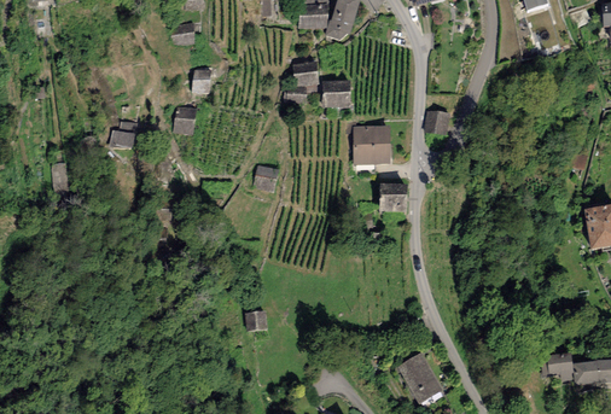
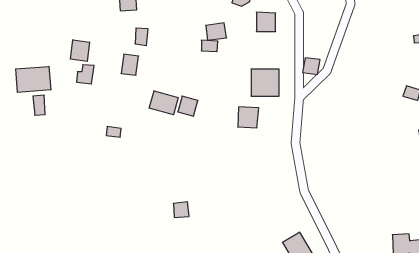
building: [322,80,349,106] -> [256,12,276,31]
building: none -> [71,40,89,61]
building: none -> [16,66,51,92]
building: none -> [149,91,178,115]
building: [379,183,408,212] -> [238,107,259,128]

